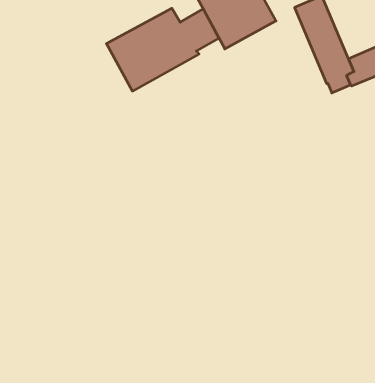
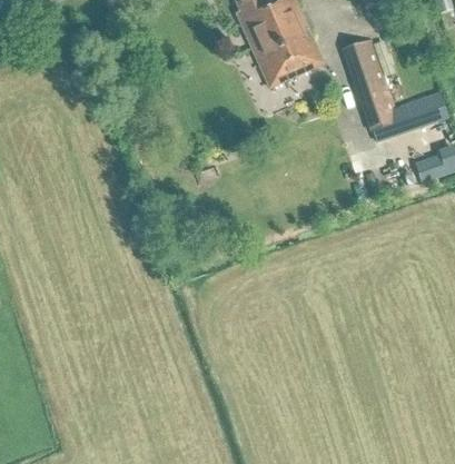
building: [106,8,219,91] -> none

